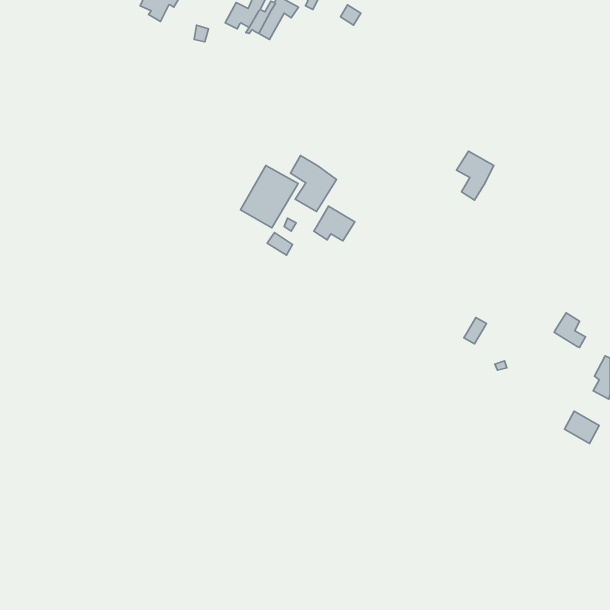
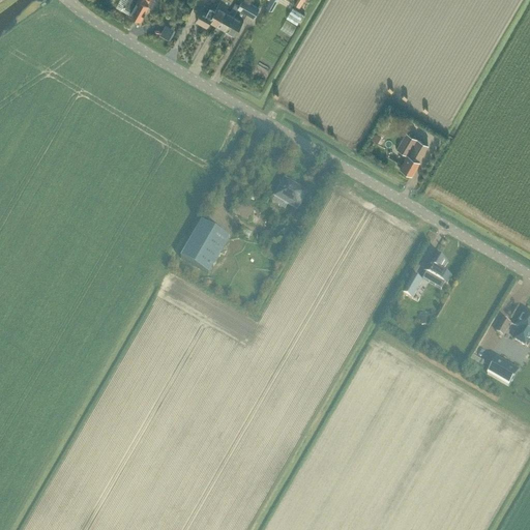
building: [290,156,336,211] -> none
building: [241,166,298,228] -> [179,219,229,273]
building: [554,313,585,348] -> [423,254,450,284]

